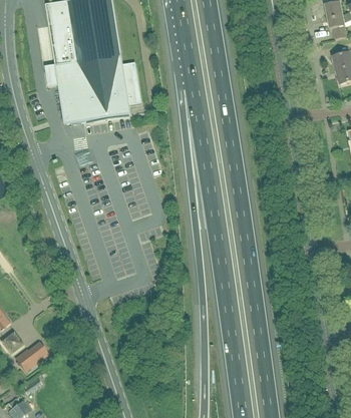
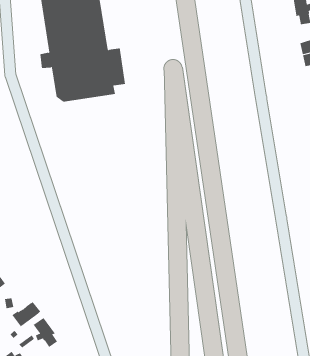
building: none -> [33,317,58,348]

